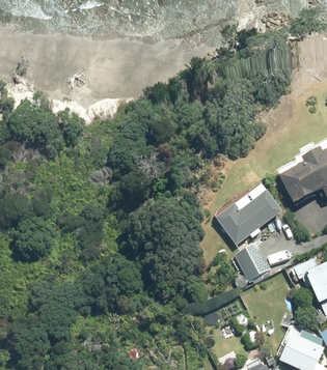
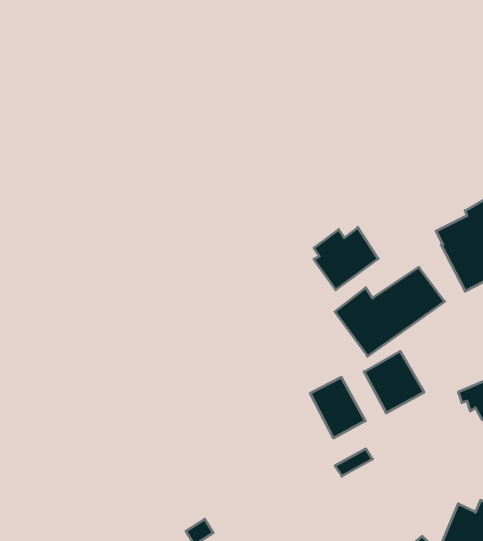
building: none -> [314,227,378,290]
building: none -> [310,377,365,438]

